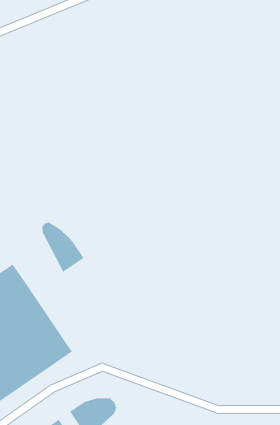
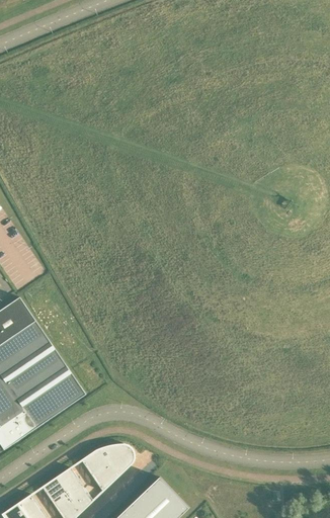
building: [41,222,84,273] -> none

